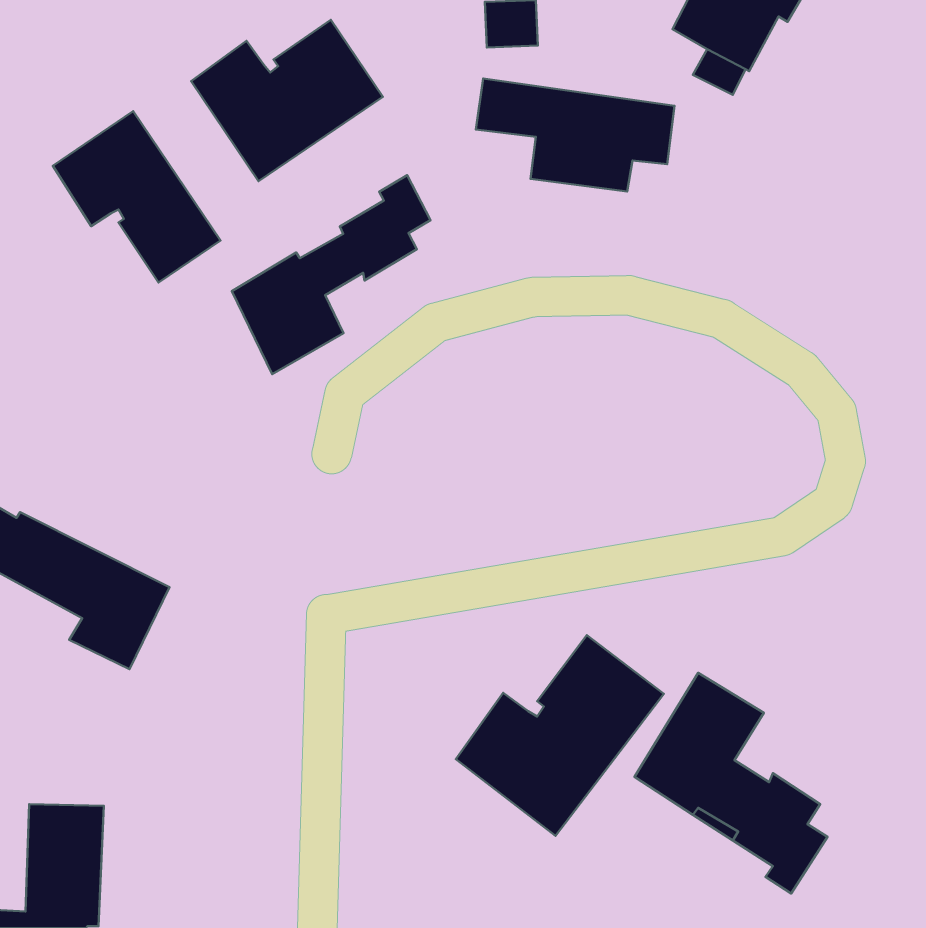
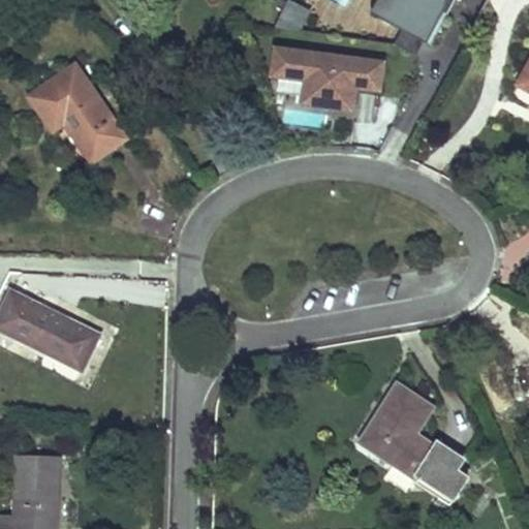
building: [191,20,383,181] -> none
building: [232,175,430,374] -> none
building: [456,635,664,836] -> none

